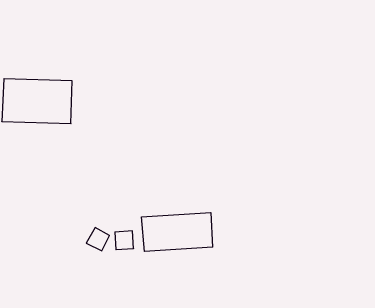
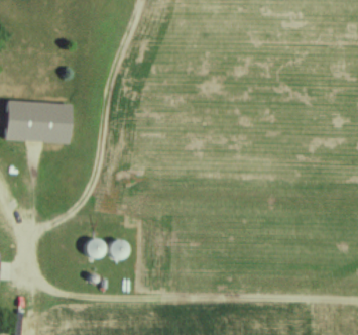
building: [142,213,213,251] -> none

